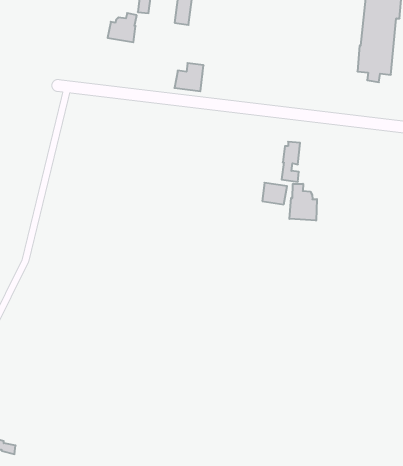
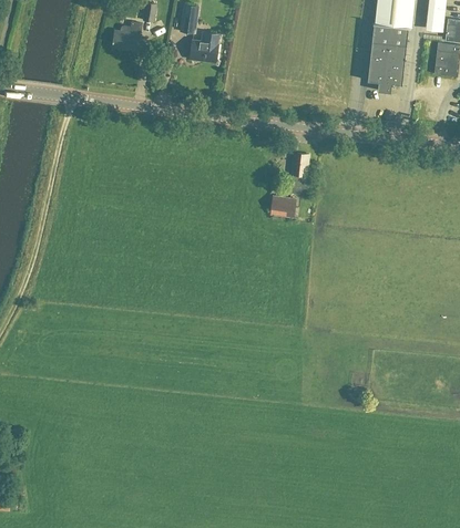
building: [174,63,204,91] -> [190,32,219,61]
building: [289,184,317,221] -> none

